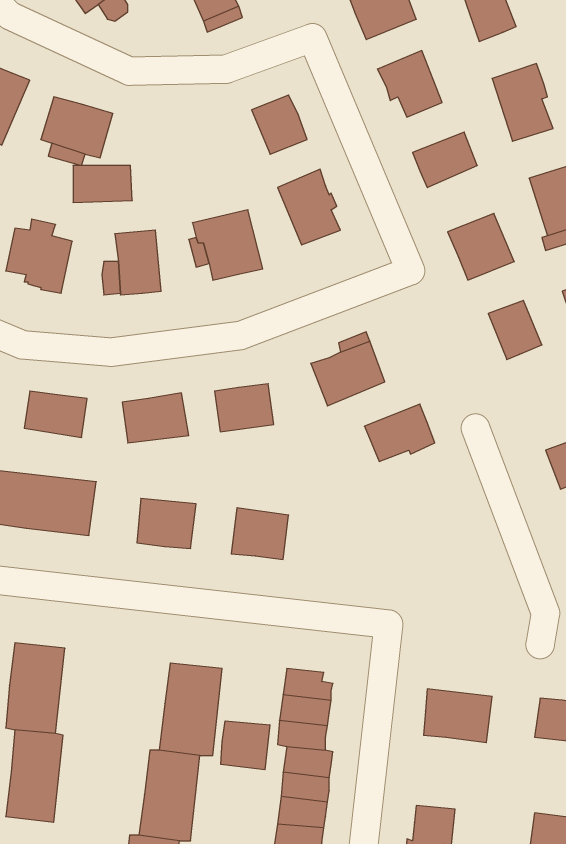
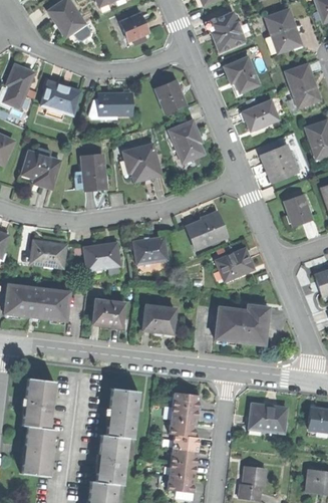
building: [73,165,132,202] -> [99,95,131,115]
building: none -> [216,305,269,345]
building: [221,721,270,770] -> none

